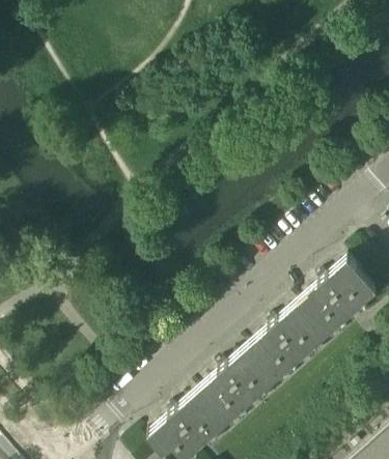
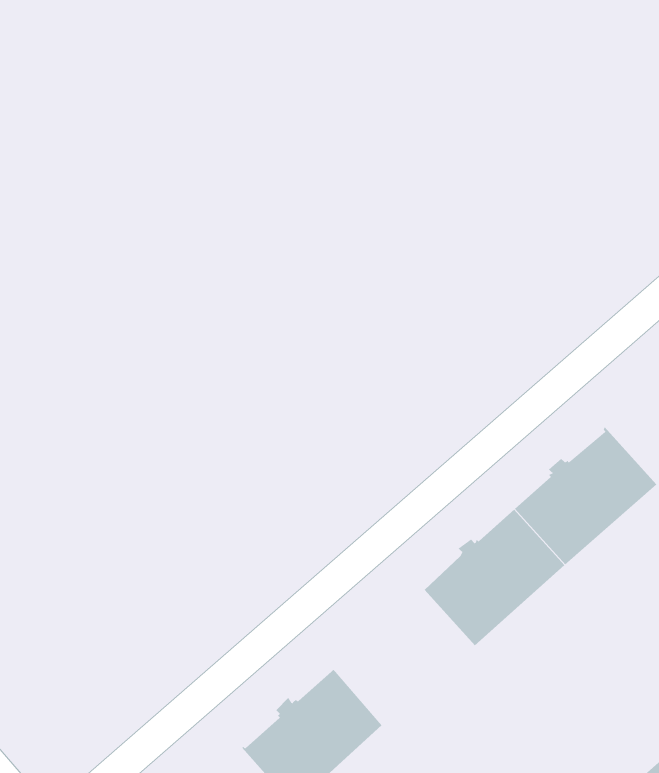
building: [200,348,278,423] -> none

